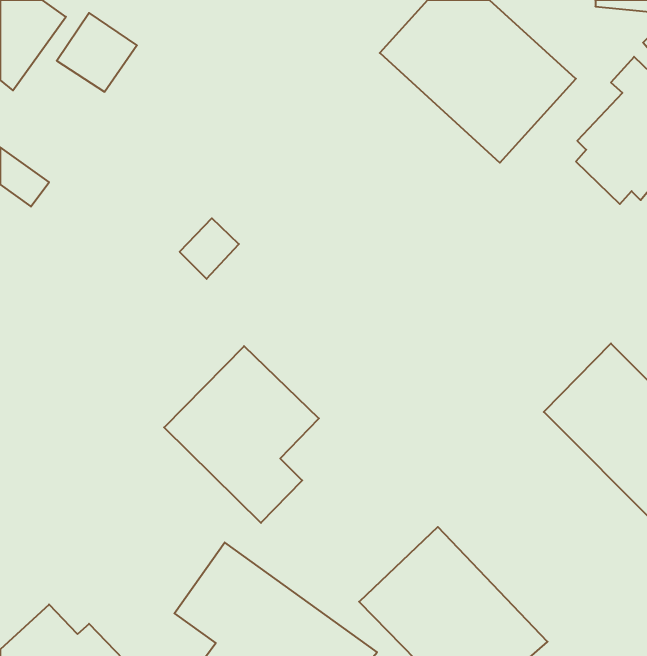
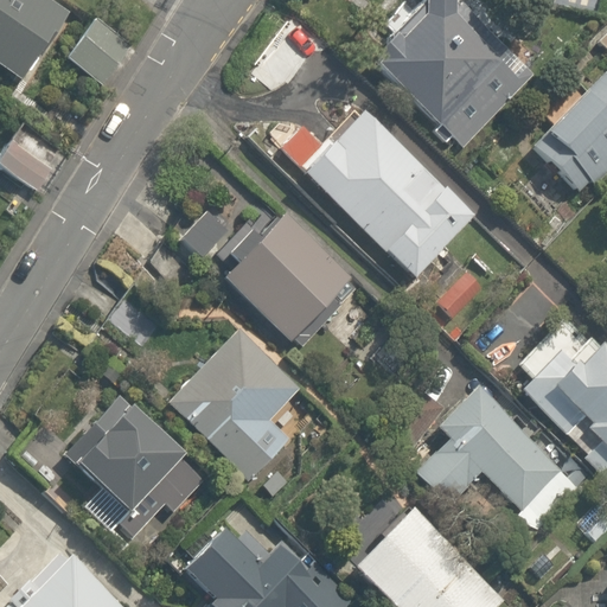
building: none -> [304,103,473,275]
building: none -> [216,203,362,351]
building: none -> [401,377,587,536]
building: none -> [62,397,212,535]

